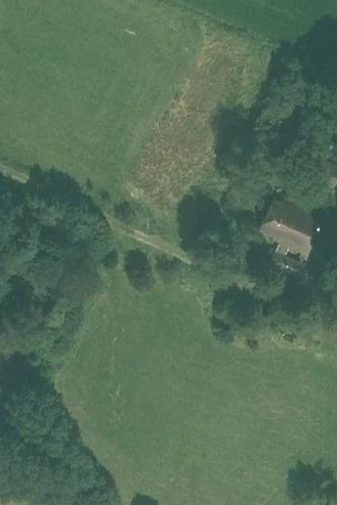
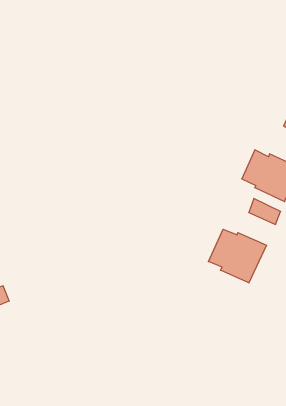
building: none -> [208,229,267,283]

